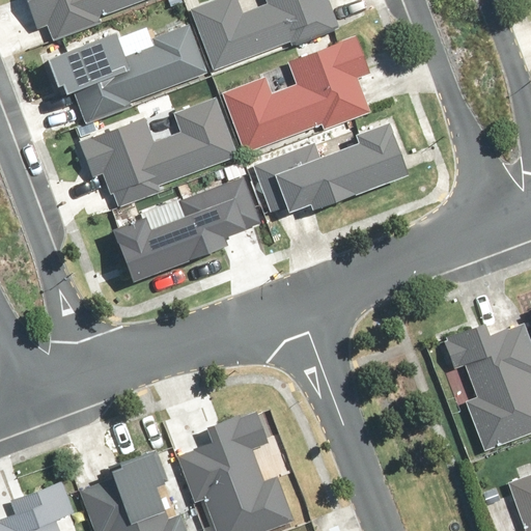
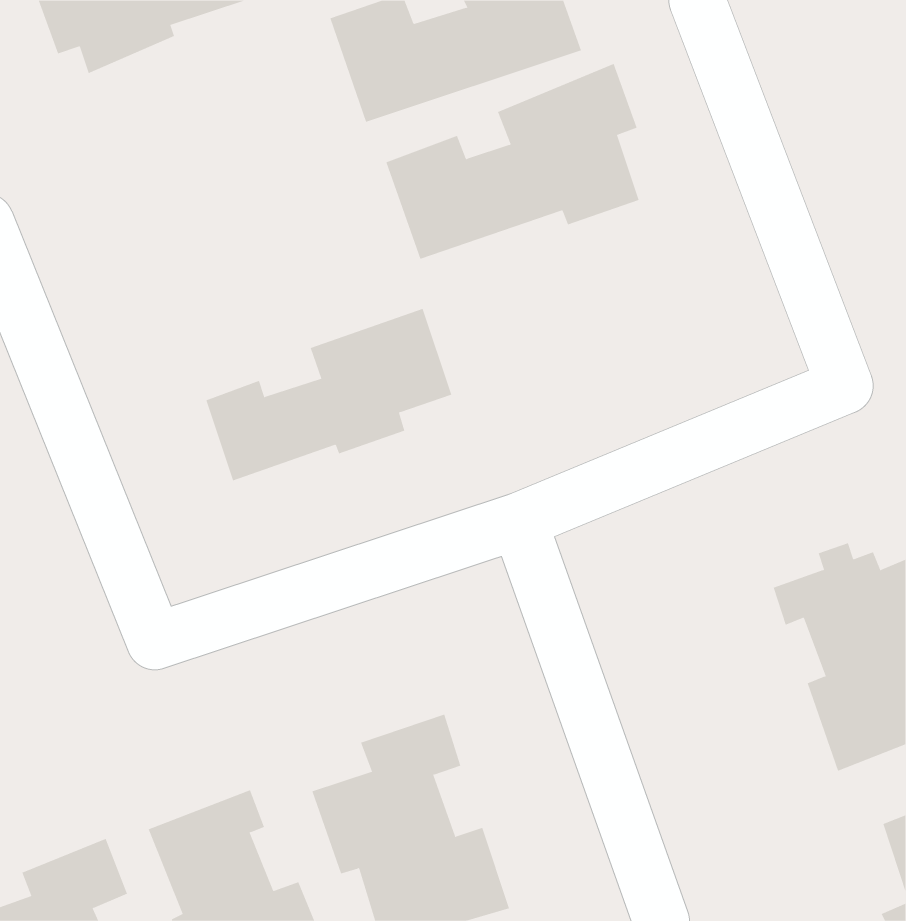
building: [50,25,209,127] -> none
building: [78,101,234,207] -> none
building: [252,122,412,215] -> none

